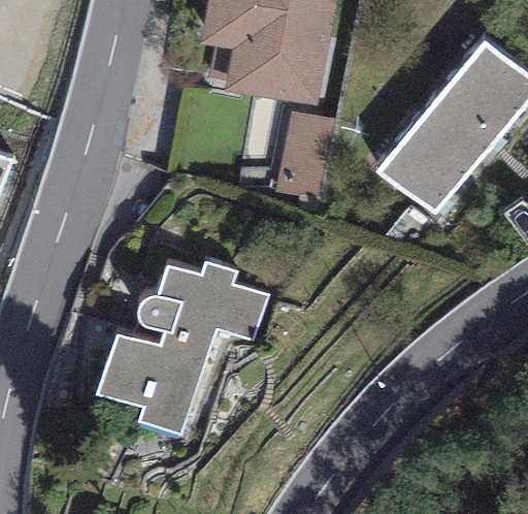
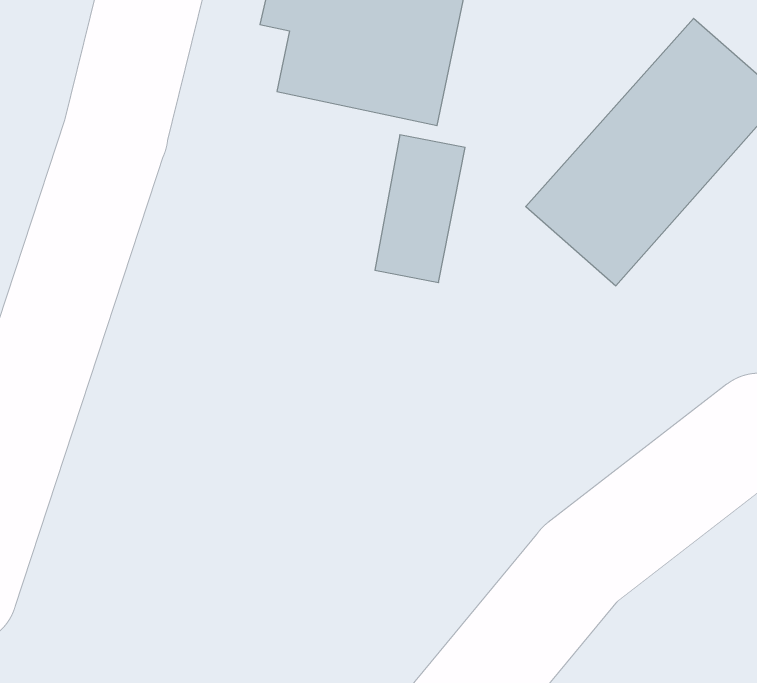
building: [94,258,270,441] -> none

